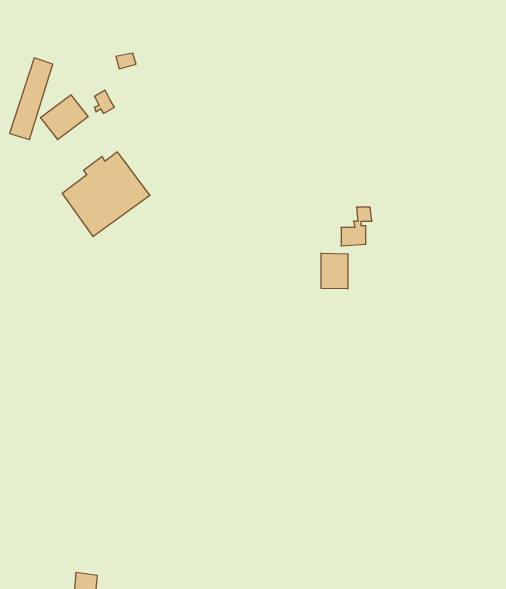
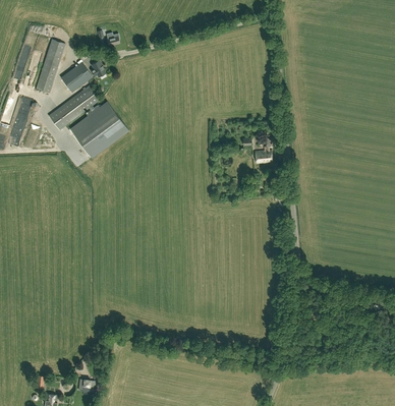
building: none -> [48,86,99,130]
building: [321,253,348,289] -> none

